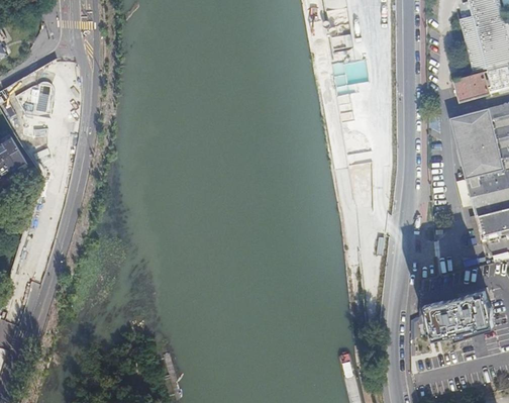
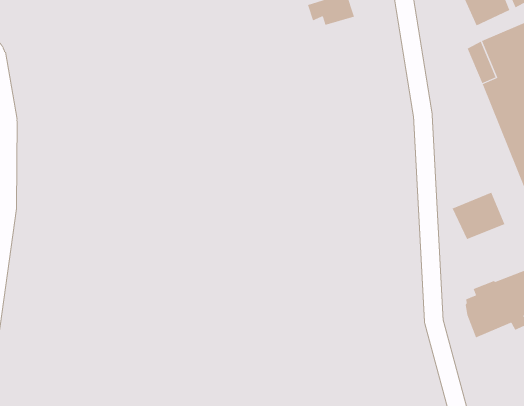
building: none -> [452,192,505,240]

